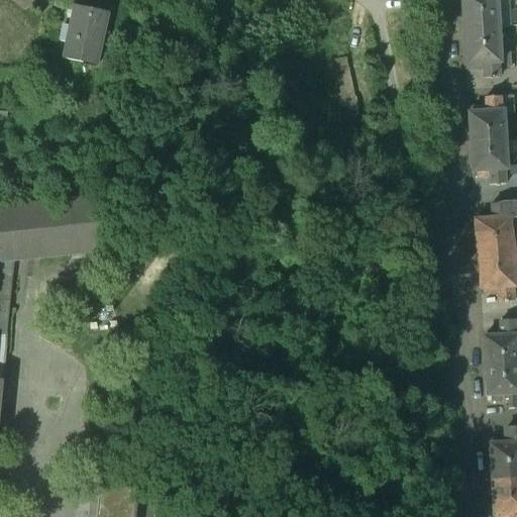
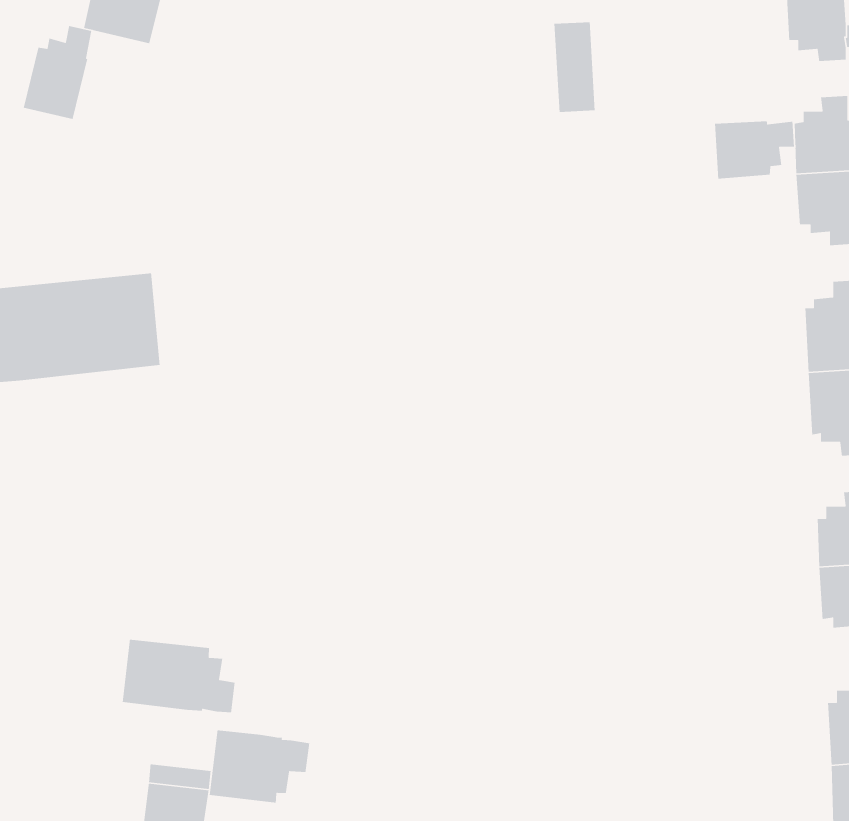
building: none -> [23,25,92,120]
building: none -> [714,121,795,179]
building: none -> [122,639,235,713]
building: none -> [209,730,310,803]

